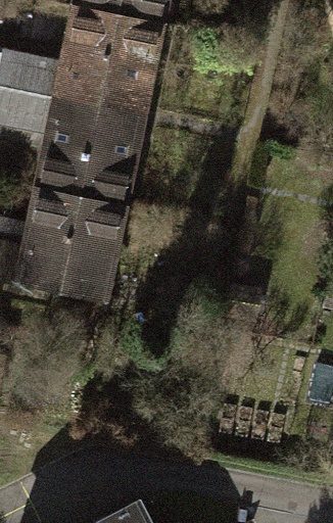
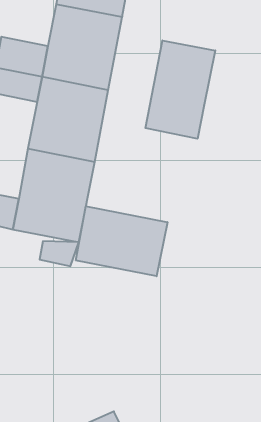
building: none -> [145,40,215,139]
building: none -> [76,206,167,276]

